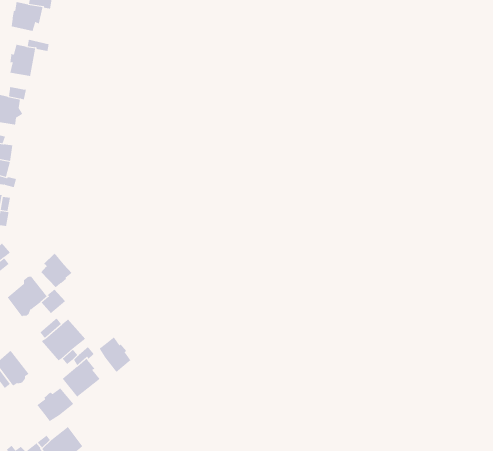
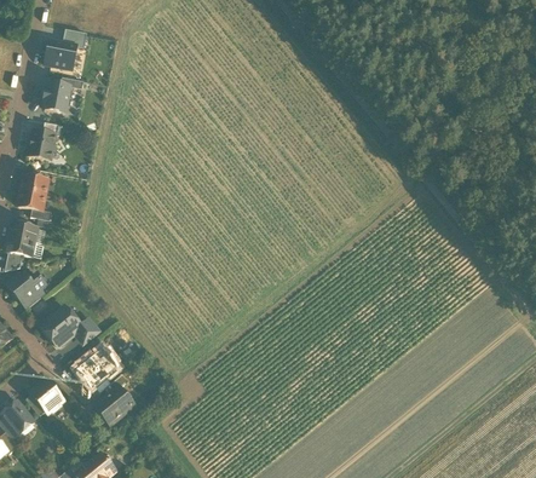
building: [40,253,72,288] -> none
building: [98,337,131,373] -> none
building: [37,387,74,422] -> none

